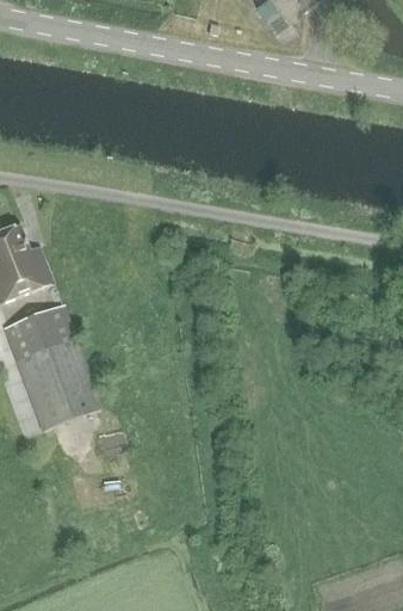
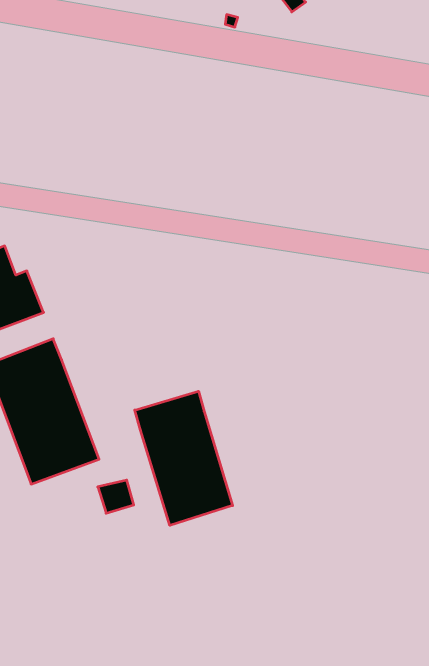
building: none -> [135,391,233,525]

